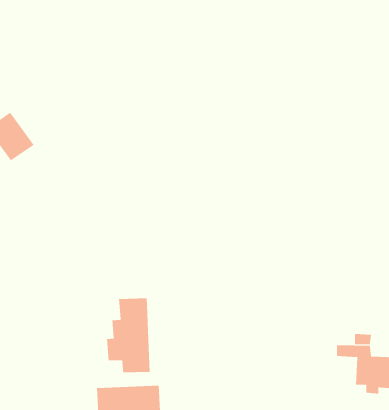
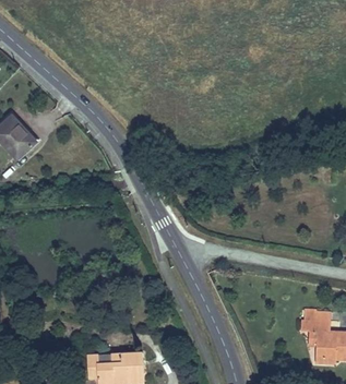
building: [106,297,150,373] -> none

